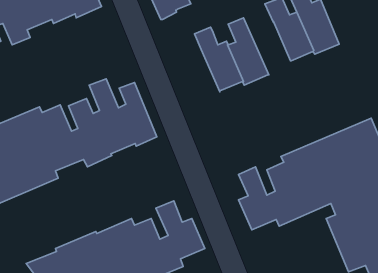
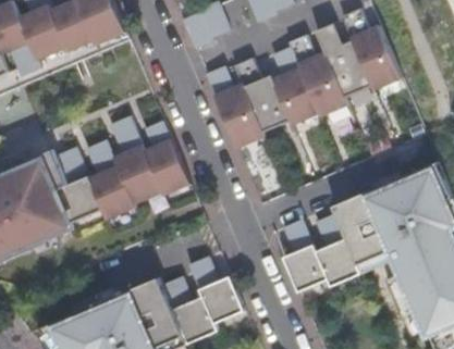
building: none -> [286,34,346,116]
building: none -> [204,65,263,149]

